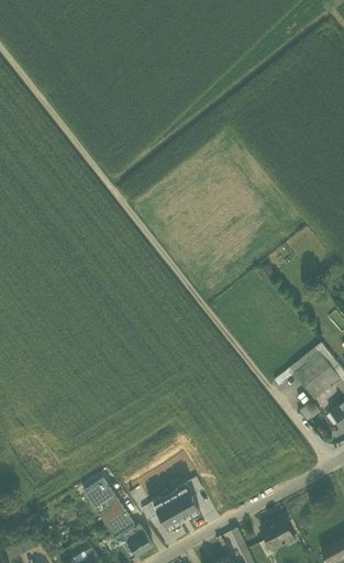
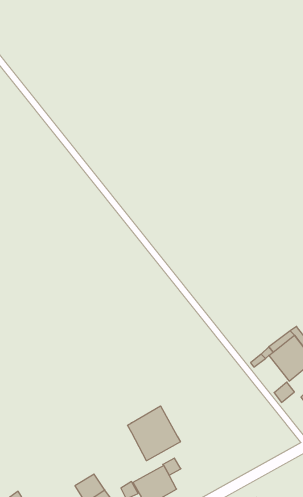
building: none -> [128,406,180,461]
building: [84,481,114,509] -> none

